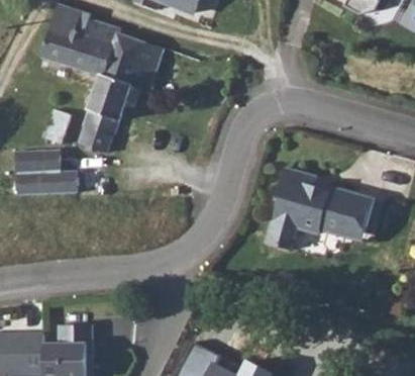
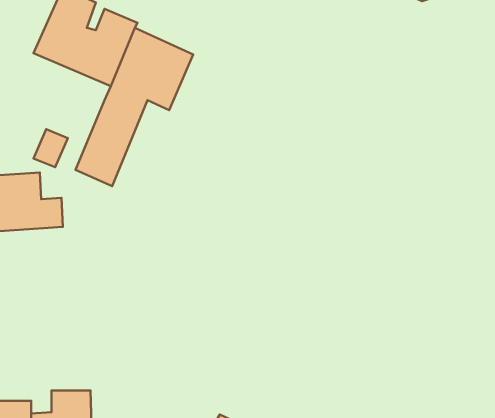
building: [275,174,384,256] -> none

